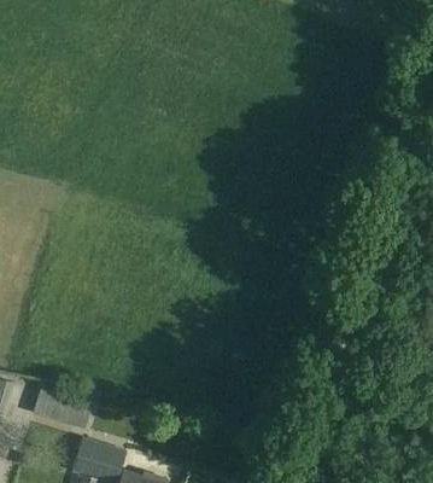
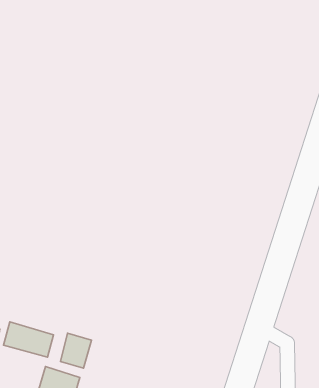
building: none -> [61,333,91,368]

